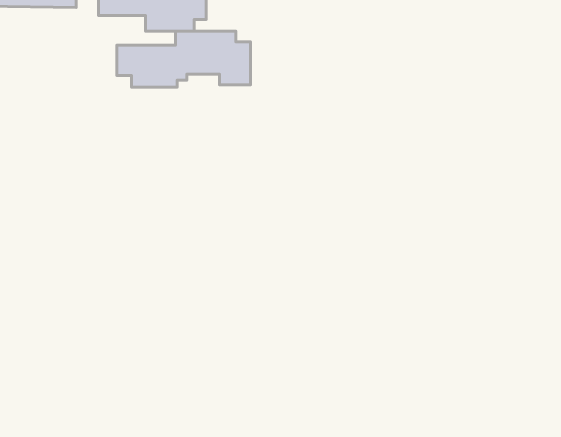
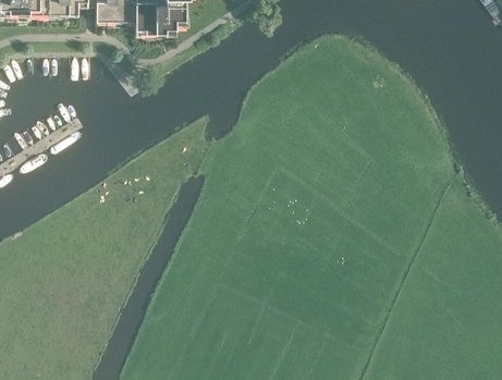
building: [117,31,250,87] -> none

